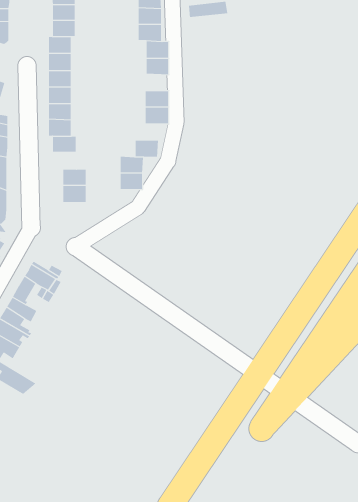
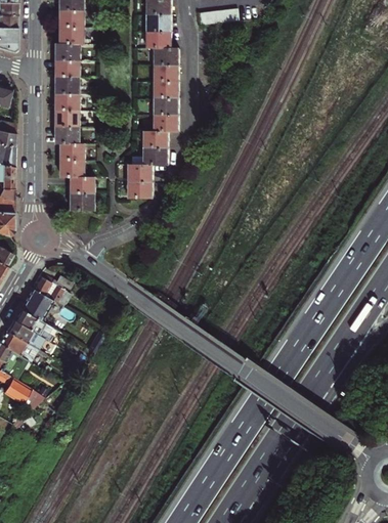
building: none -> [155,81,179,98]
building: none -> [144,132,169,148]
building: none -> [60,161,85,178]

